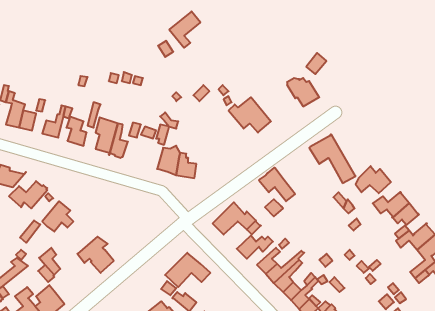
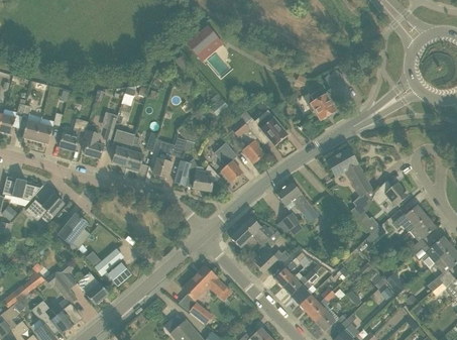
building: none -> [230,118,264,162]
building: none -> [214,142,242,182]
building: none -> [152,150,173,178]
building: none -> [79,271,108,304]

